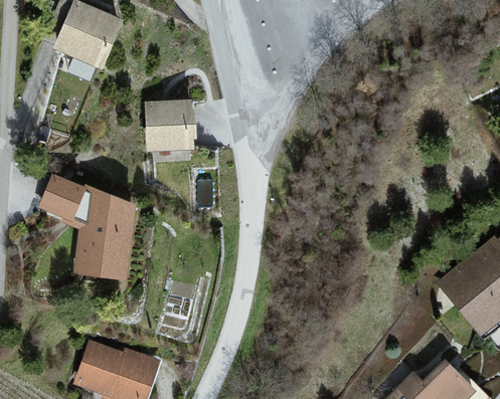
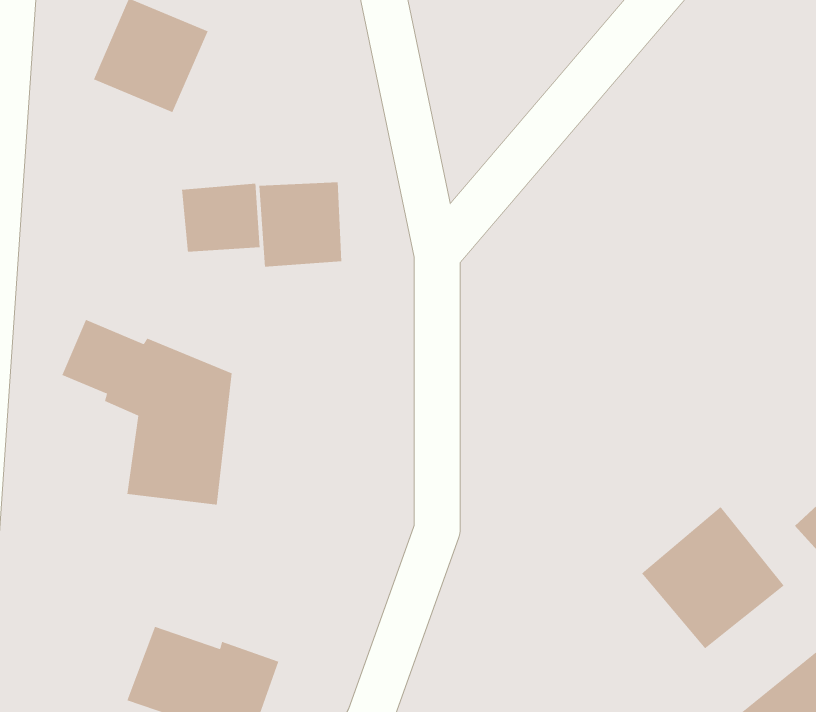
building: none -> [182,183,260,253]
building: none -> [641,506,785,649]

